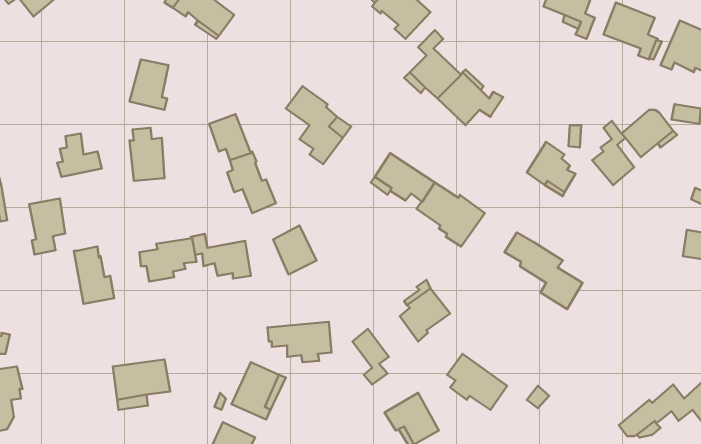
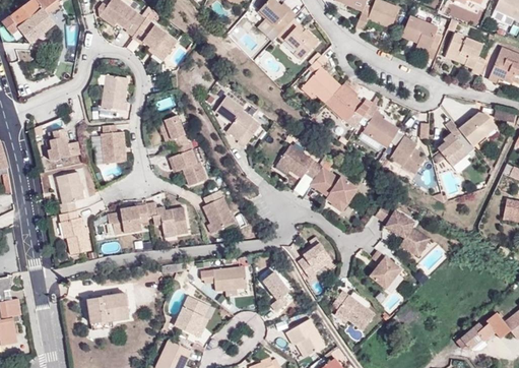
building: none -> [362,103,399,148]
building: [29,199,65,254] -> [57,174,83,214]
building: none -> [368,249,402,290]

